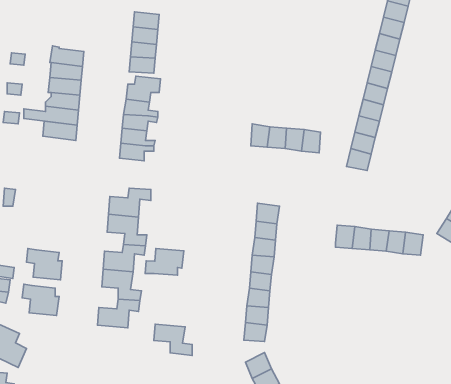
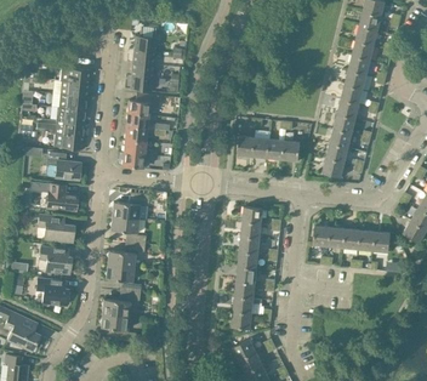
building: none -> [46,153,80,181]
building: none -> [30,182,78,211]
building: none -> [38,215,74,243]
building: [145,249,184,275] -> none
building: [154,324,192,355] -> [101,314,135,342]

